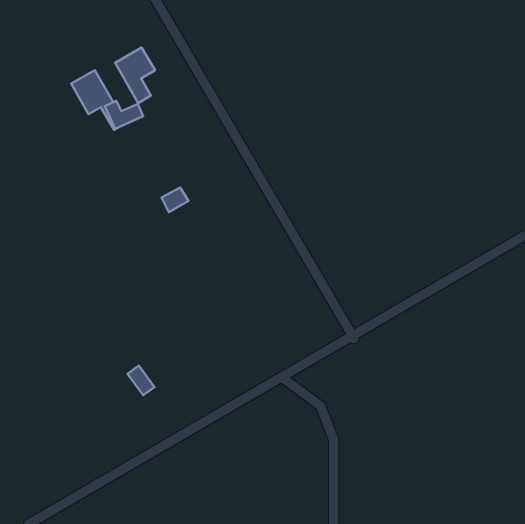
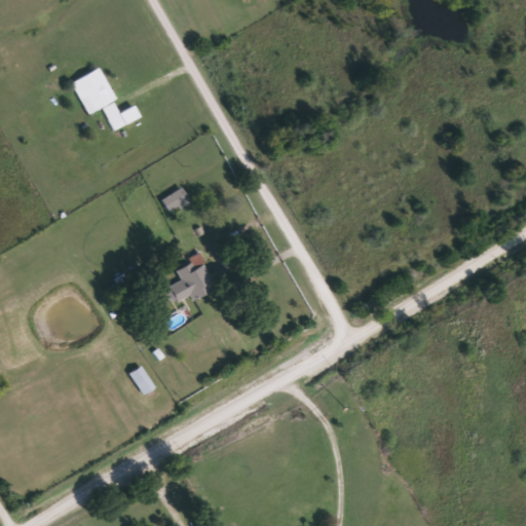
building: [115,47,155,103] -> none
building: none -> [168,251,217,302]

